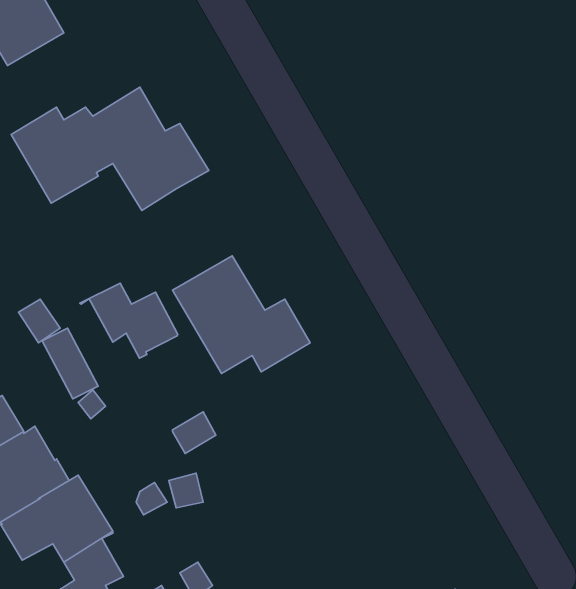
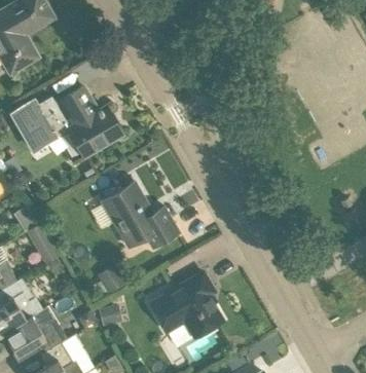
building: [80,283,178,358] -> none
building: none -> [149,273,222,338]

